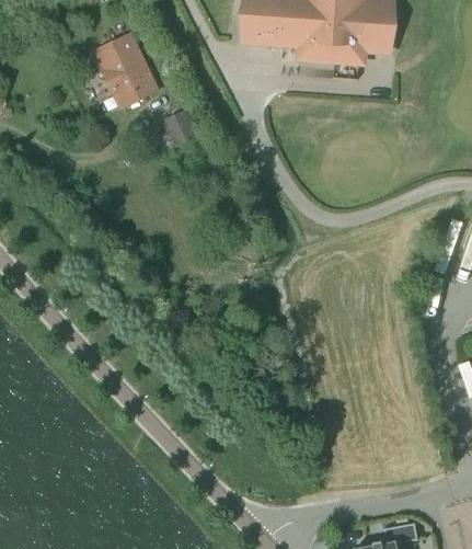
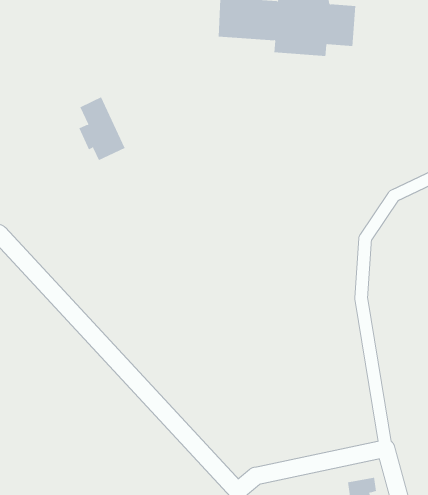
building: [105,33,157,104] -> [79,96,125,161]
building: [161,111,196,149] -> none

